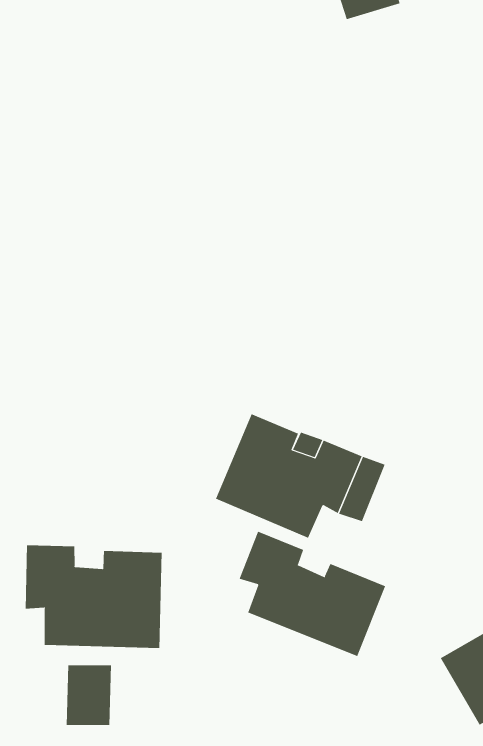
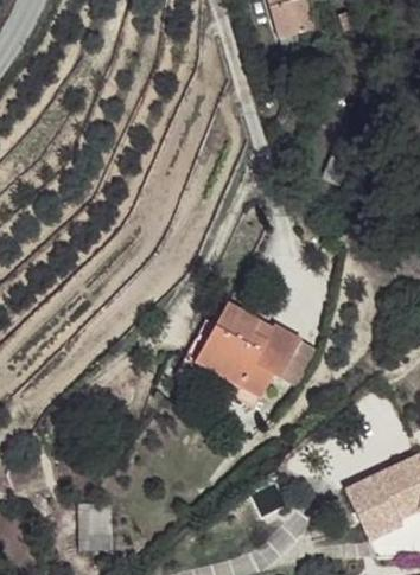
building: [239,531,386,657] -> none
building: [25,544,162,649] -> none

